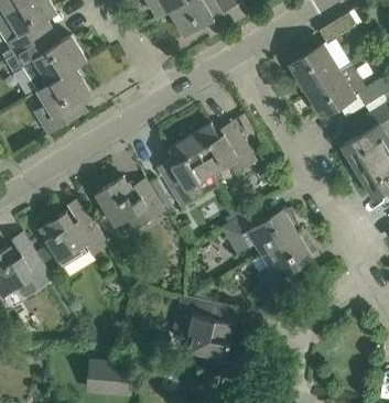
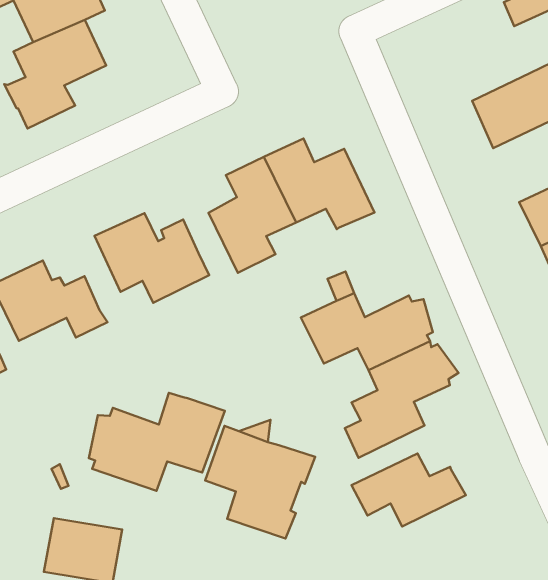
building: [290,44,338,90] -> none
building: none -> [89,393,225,491]
building: none -> [352,453,466,526]

